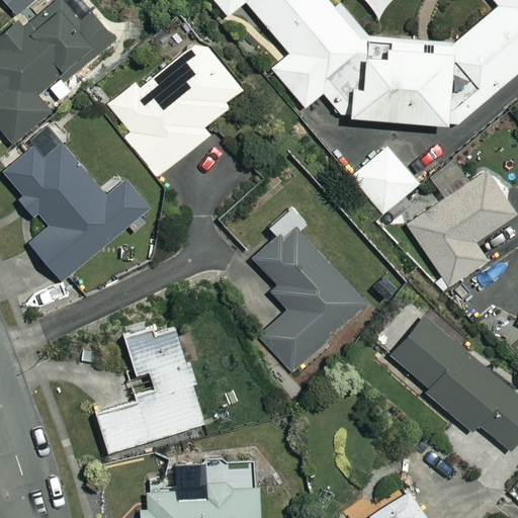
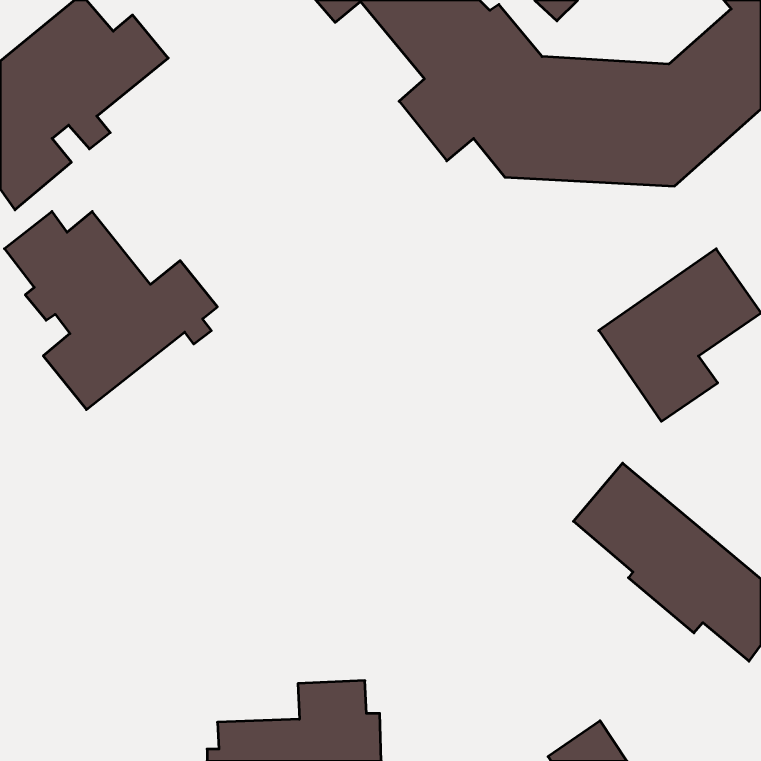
building: [108,40,245,176] -> none
building: [351,145,420,214] -> none
building: [253,206,365,370] -> none
building: [95,320,205,453] -> none

